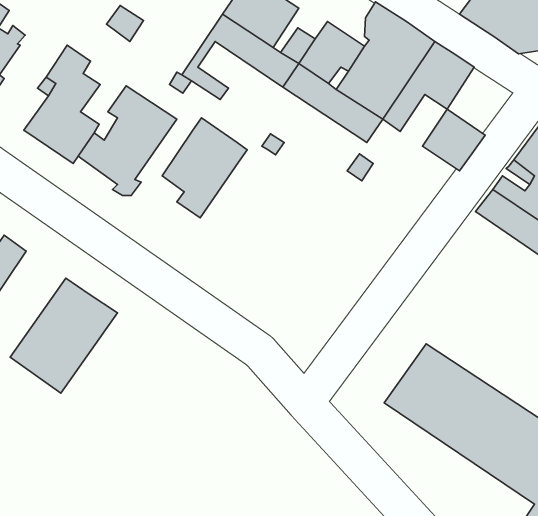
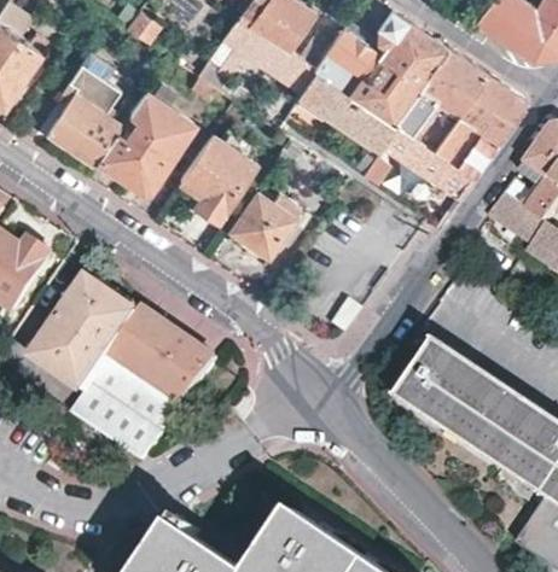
building: none -> [461,72,522,139]
building: none -> [383,123,473,197]
building: none -> [233,192,302,255]
building: none -> [69,308,217,460]

